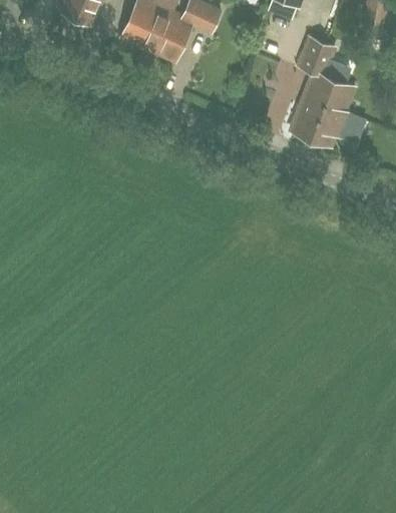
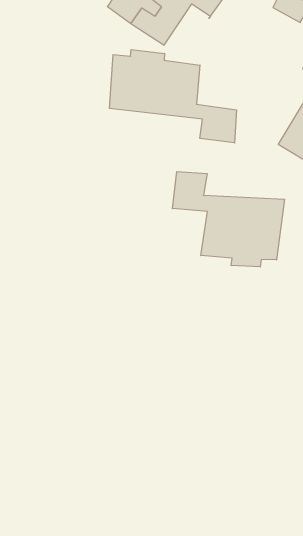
building: none -> [109,50,236,143]
building: none -> [172,172,284,267]

